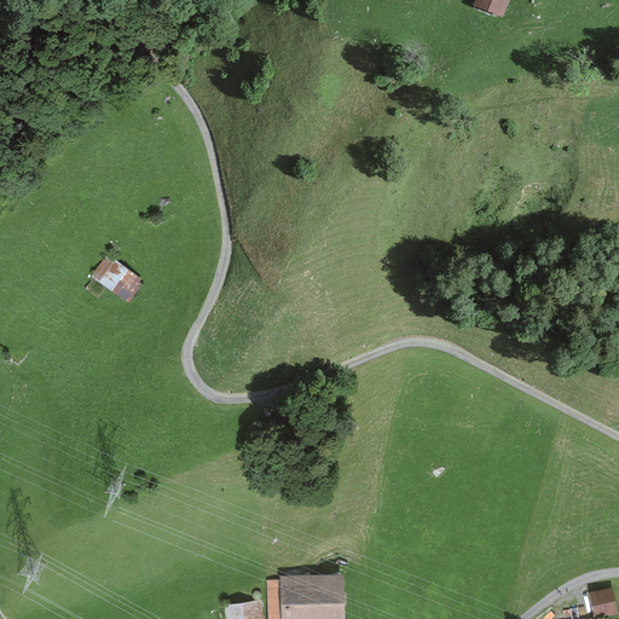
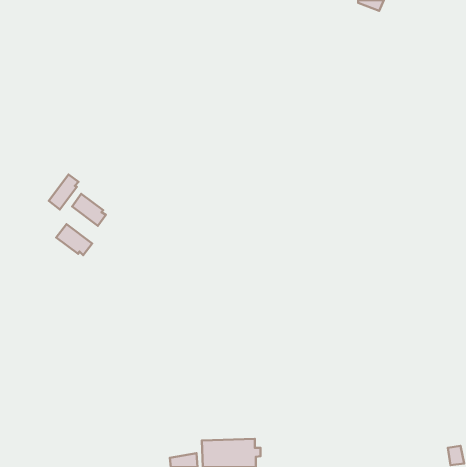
building: none -> [49,174,78,210]
building: none -> [56,224,92,255]

